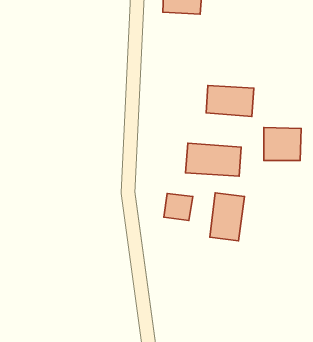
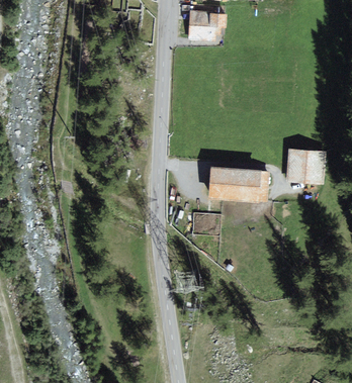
building: [206,86,254,116] -> none
building: [210,193,245,241] -> none

